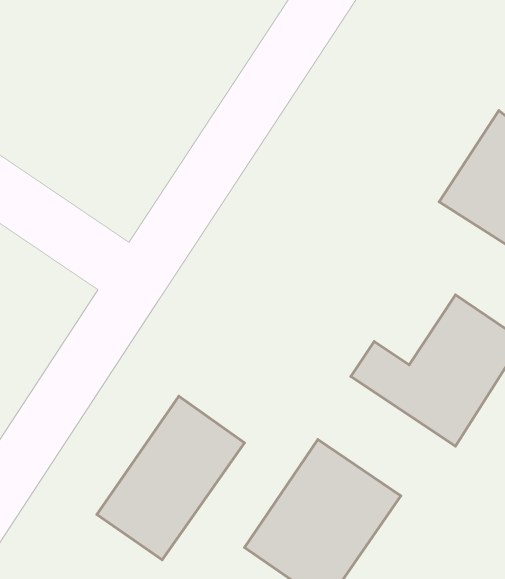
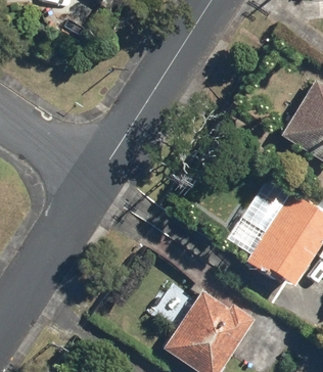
building: [97,396,245,560] -> none

